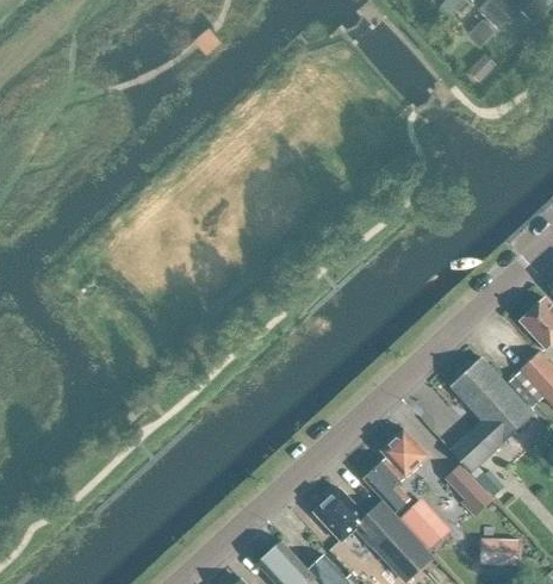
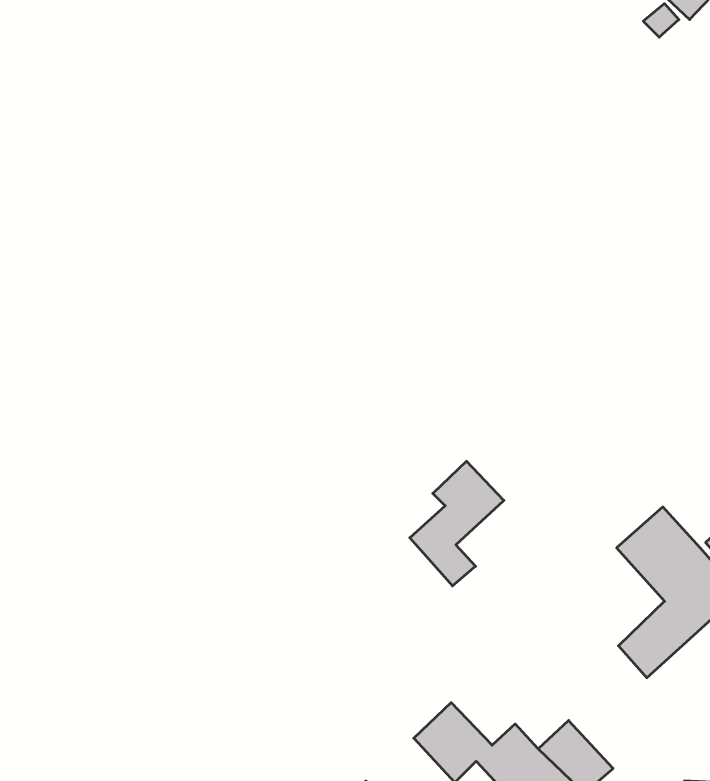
building: [366,428,429,511] -> [410,461,504,586]
building: [446,464,493,516] -> none

